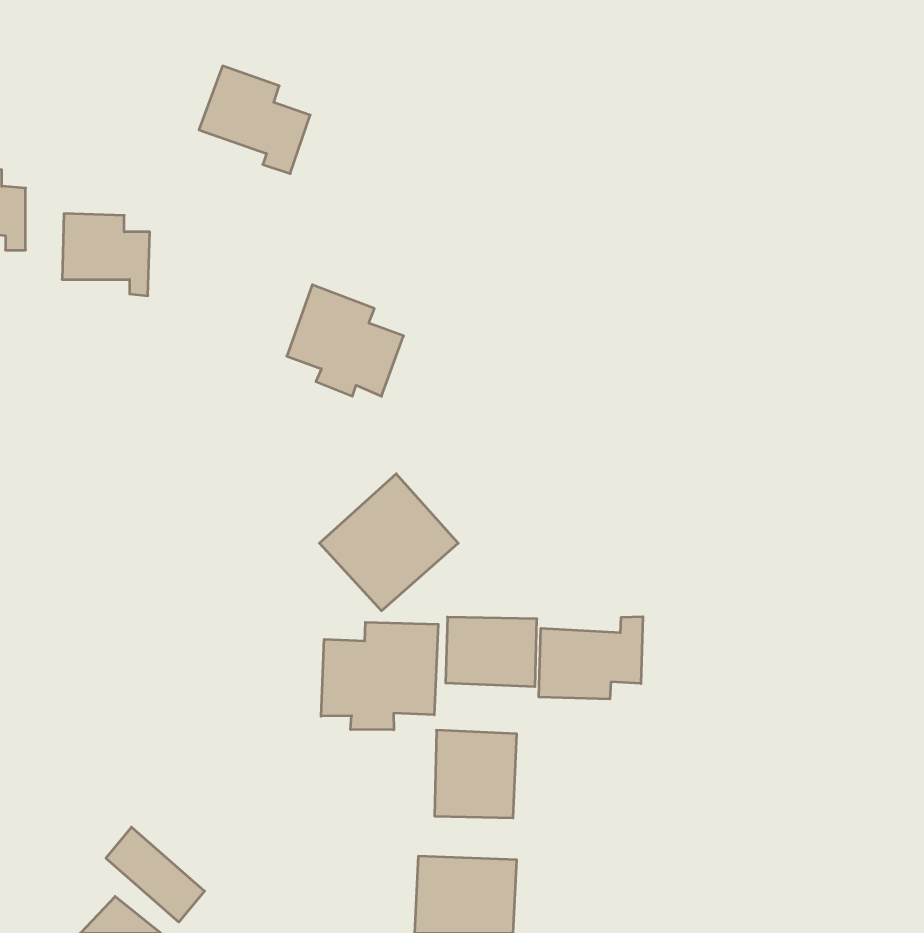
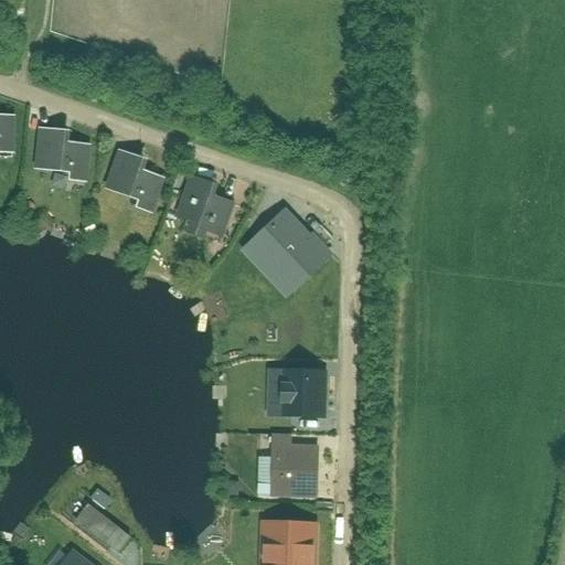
building: [199,66,310,174] -> [105,149,172,214]
building: [319,474,458,611] -> [245,213,329,296]
building: [539,617,643,699] -> none
building: [321,622,438,730] -> none

